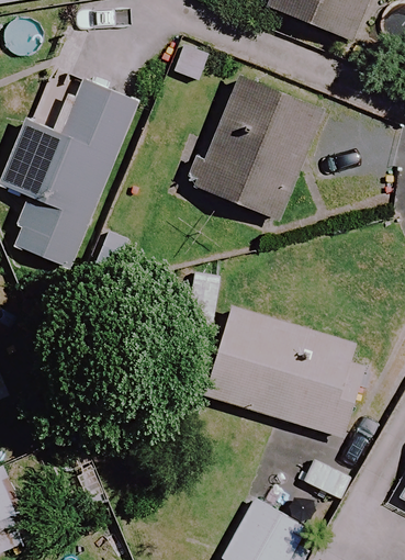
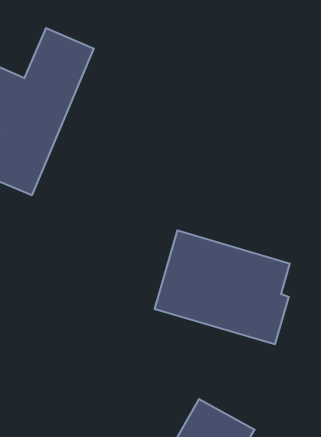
building: [195,78,322,219] -> none

